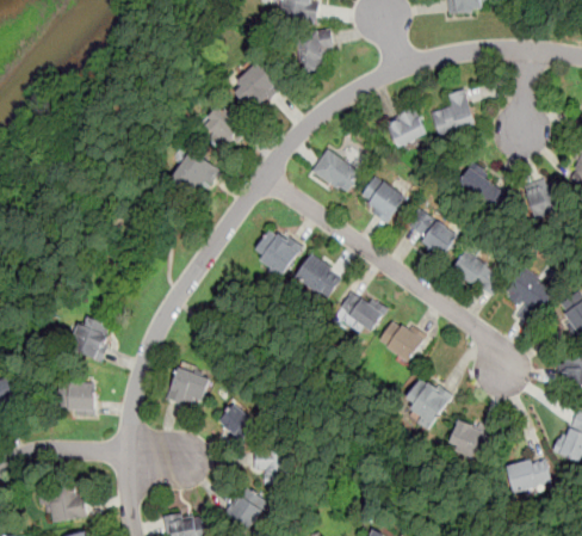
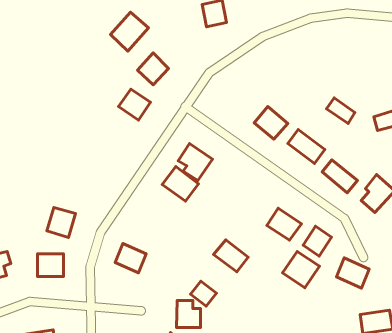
building: [229,58,281,112] -> [111,12,149,51]
building: [432,91,473,134] -> none
building: [383,109,426,148] -> none
building: [312,149,360,193] -> none
building: [292,252,342,300] -> [162,166,198,201]
building: [336,291,384,335] -> [214,240,248,272]
building: none -> [303,226,332,256]
building: [222,405,258,439] -> [191,281,216,306]
building: [447,419,493,461] -> [336,258,369,288]

